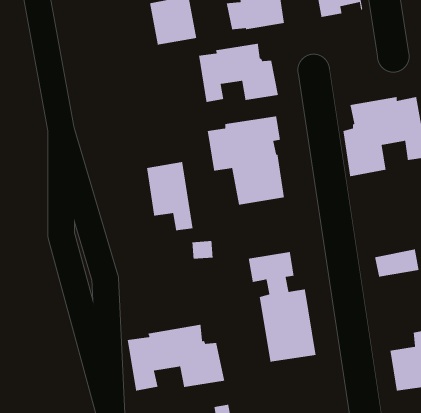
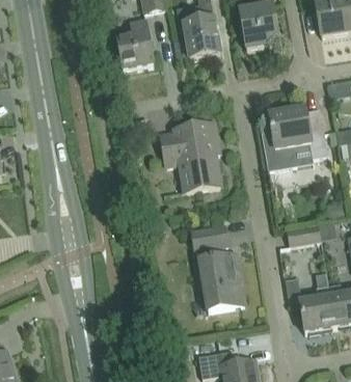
building: [198,43,279,103] -> none
building: [146,161,193,231] -> none
building: [127,324,225,392] -> none

